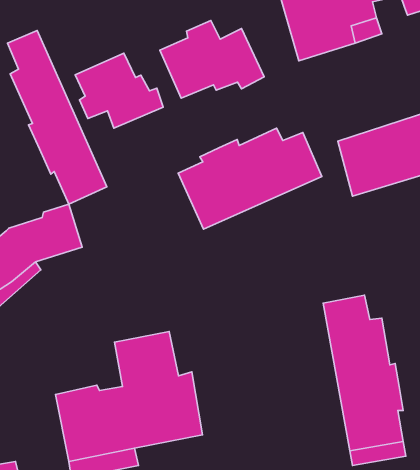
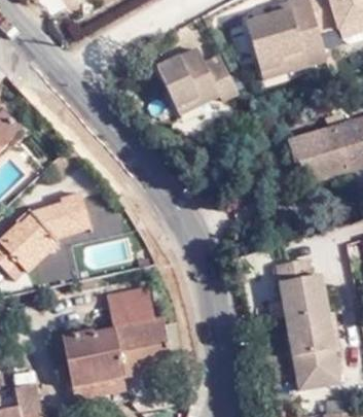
building: [8,31,107,204] -> none
building: [75,53,163,128] -> none
building: [178,128,322,229] -> none

